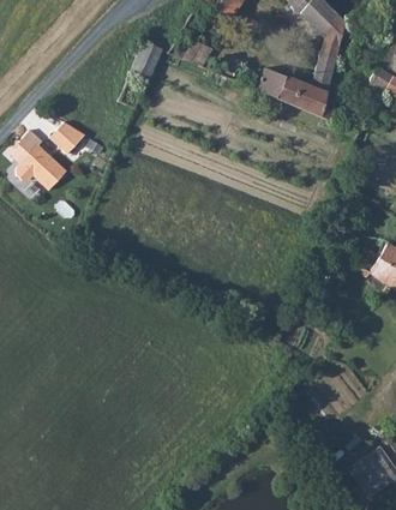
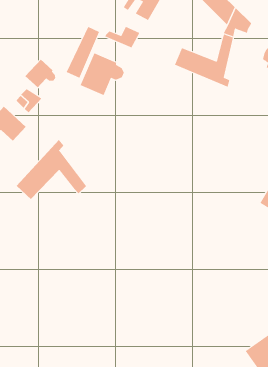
building: none -> [80,53,124,96]
building: none -> [25,59,56,88]
building: none -> [16,139,87,200]

